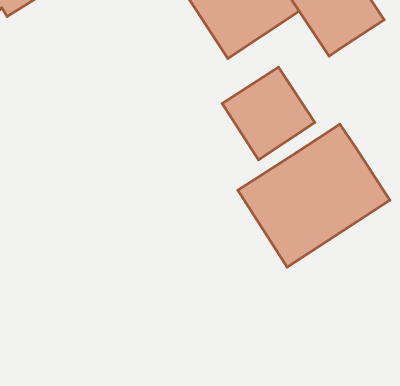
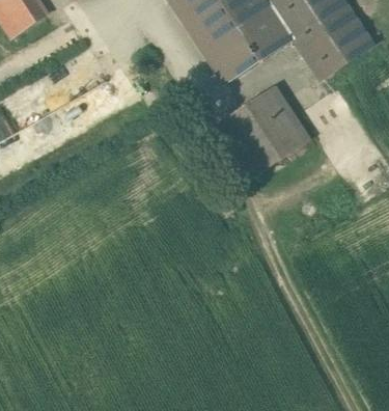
building: [238,124,390,267] -> none

